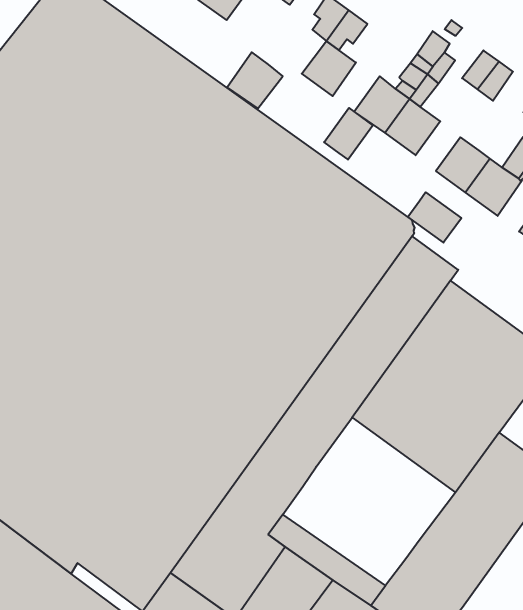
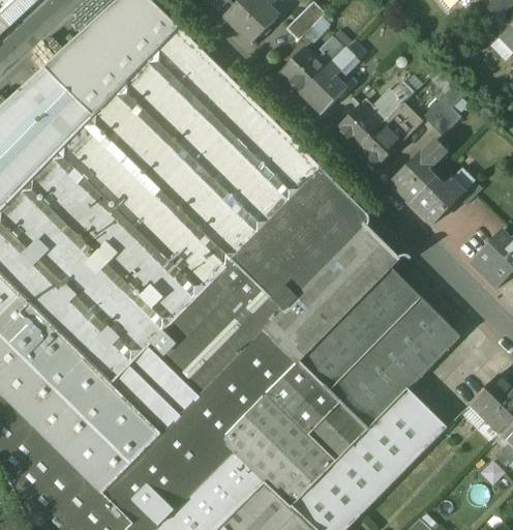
building: [227,52,283,109] -> [281,49,325,92]
building: none -> [415,139,448,172]
building: [324,108,373,160] -> none
building: [408,192,461,243] -> none
building: none -> [266,359,368,461]
building: none -> [235,406,323,491]

